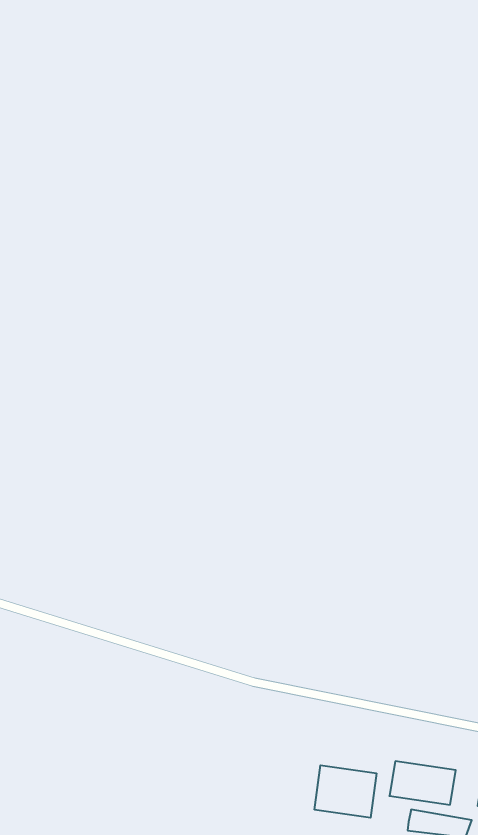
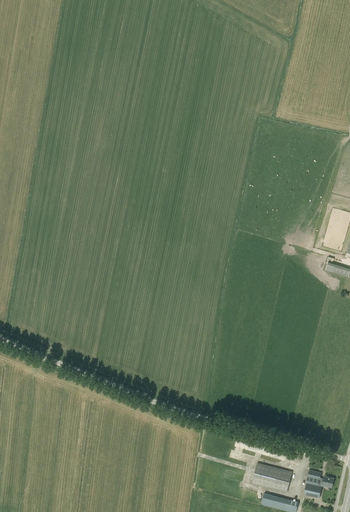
building: [315,765,376,818] -> none

